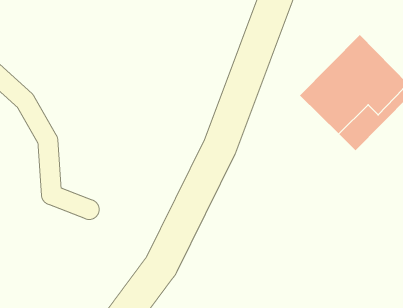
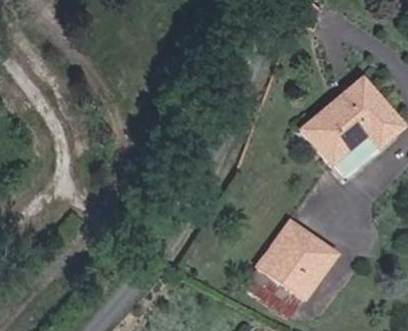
building: none -> [256,221,337,302]

